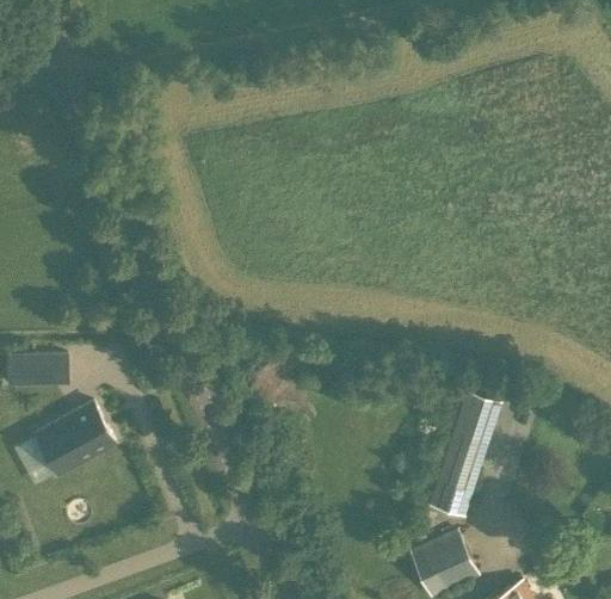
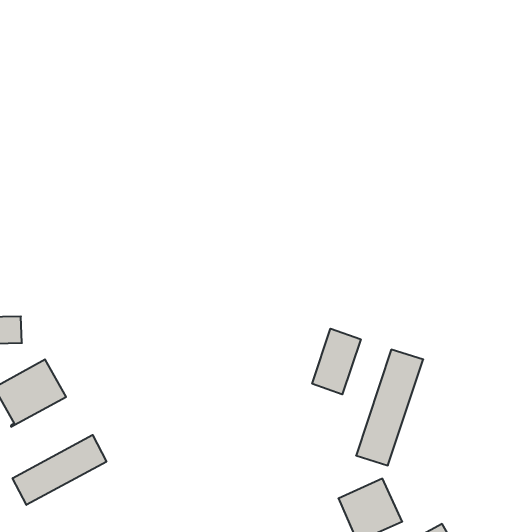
building: none -> [312,329,361,394]
building: none -> [13,435,106,505]

